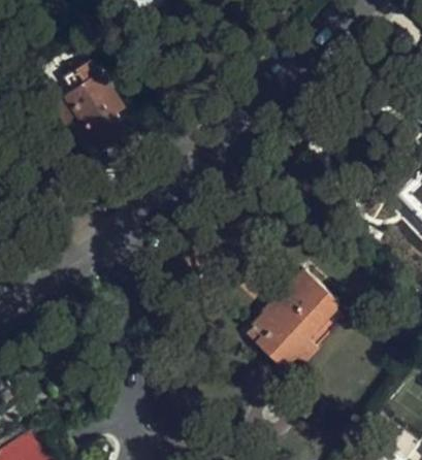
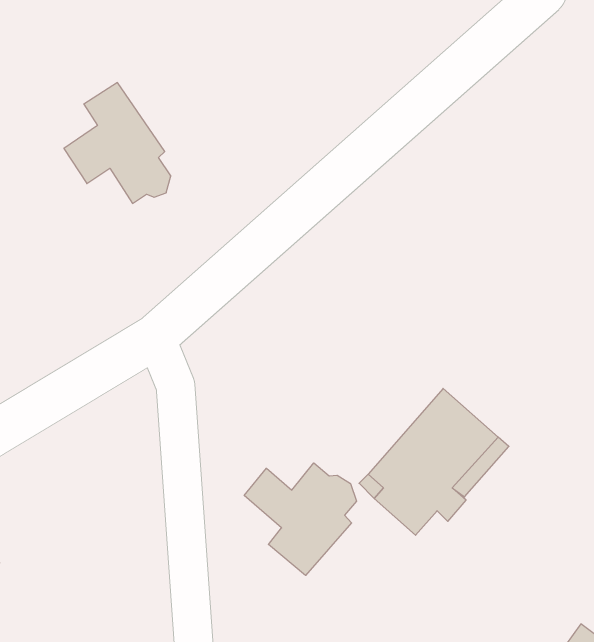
building: none -> [244,463,356,575]

